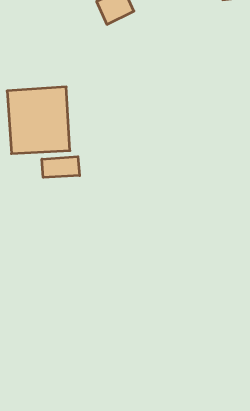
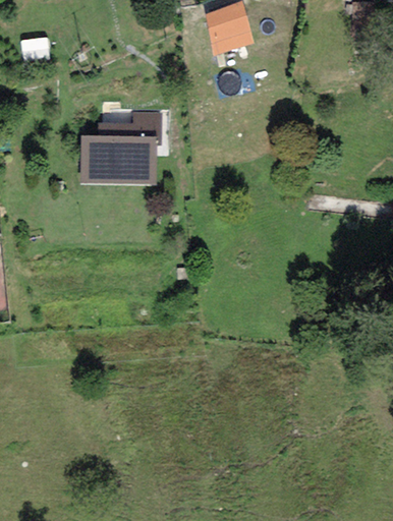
building: [42,157,80,177] -> none

